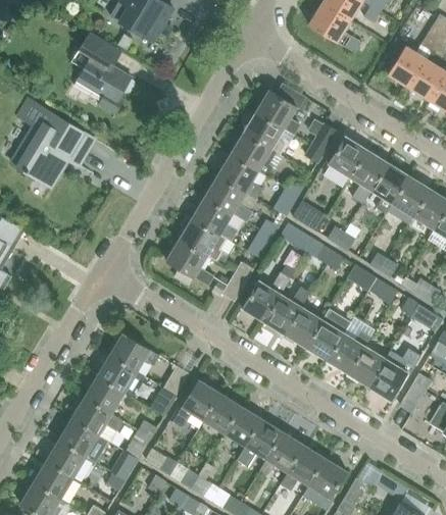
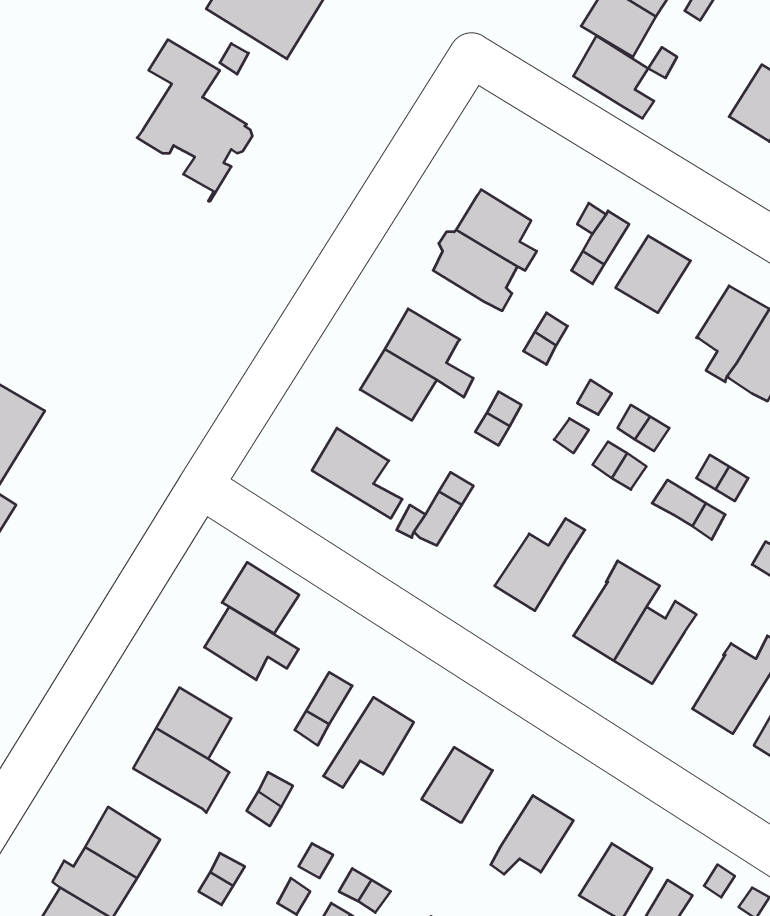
building: [256,91,299,135] -> [573,36,654,118]
building: [12,99,95,188] -> none
building: [350,150,388,205] -> none
building: [217,155,262,200] -> none
building: [180,216,226,261] -> none
building: [242,272,291,322] -> none
building: [285,307,324,349] -> none
building: [347,347,386,388] -> none
building: [96,355,137,393] -> [222,562,299,633]
building: [204,395,242,435] -> none
building: [53,419,108,462] -> none
building: [237,420,284,467] -> none
building: [280,447,326,492] -> none

